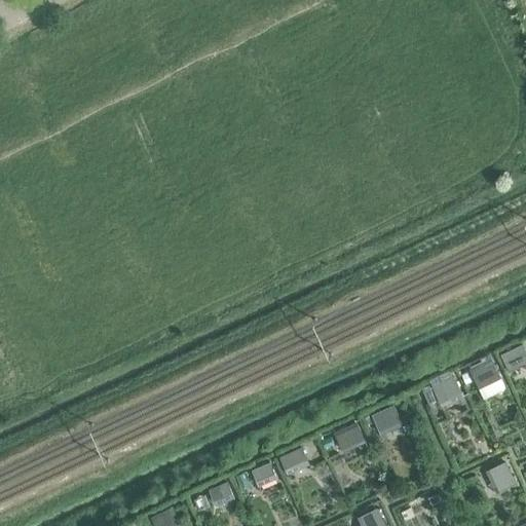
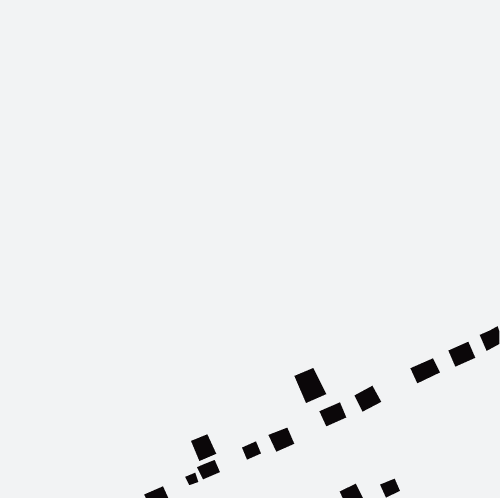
building: none -> [293,367,327,404]
building: none -> [190,433,218,462]
building: [485,462,514,494] -> none

